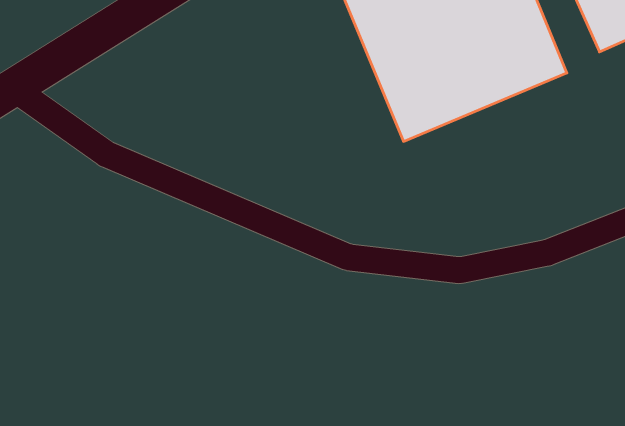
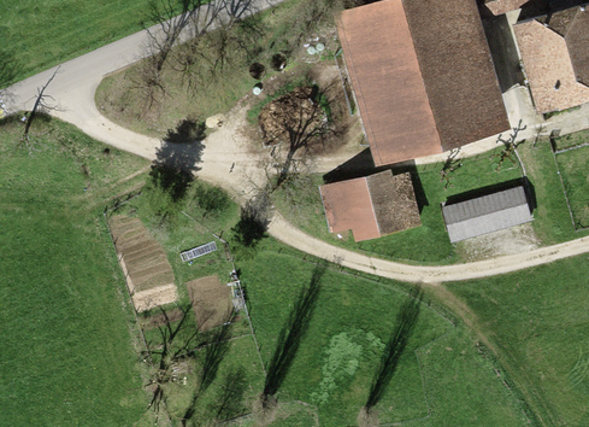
building: none -> [442,185,531,241]
building: none -> [322,170,423,241]

